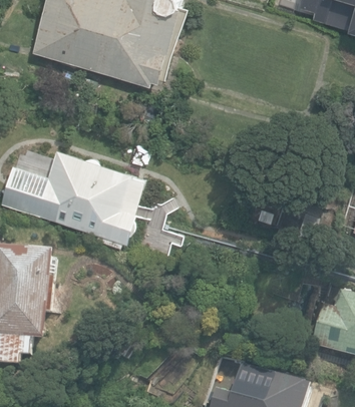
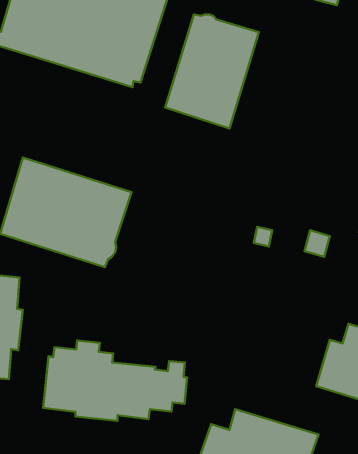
building: none -> [165,14,259,128]
building: none -> [43,340,187,421]

